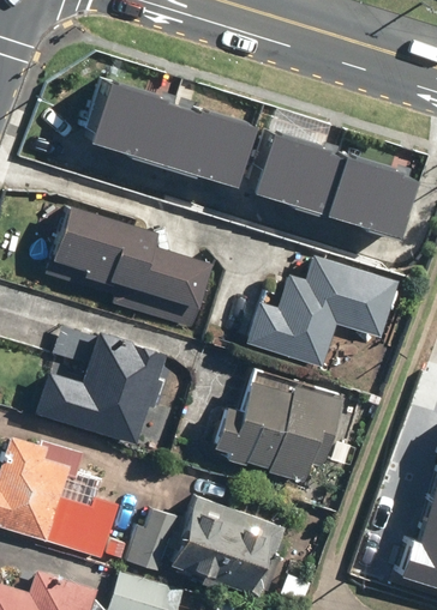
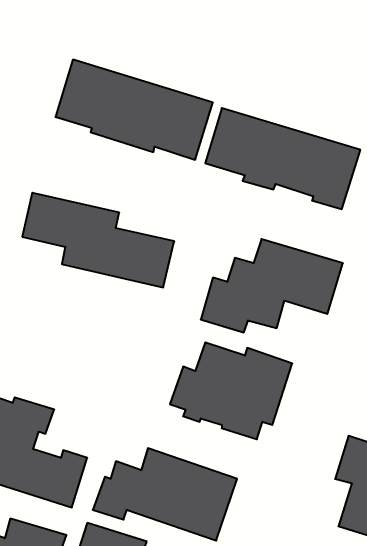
building: [35,327,166,447] -> none

